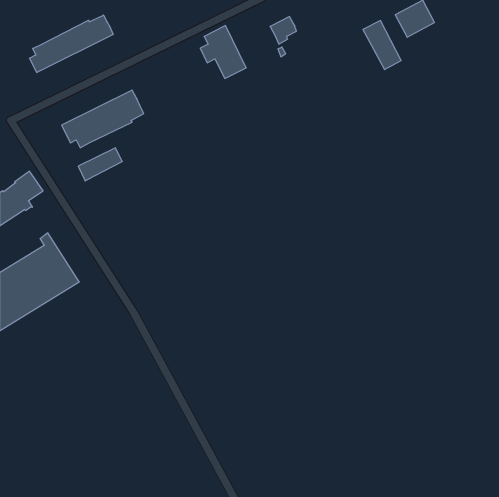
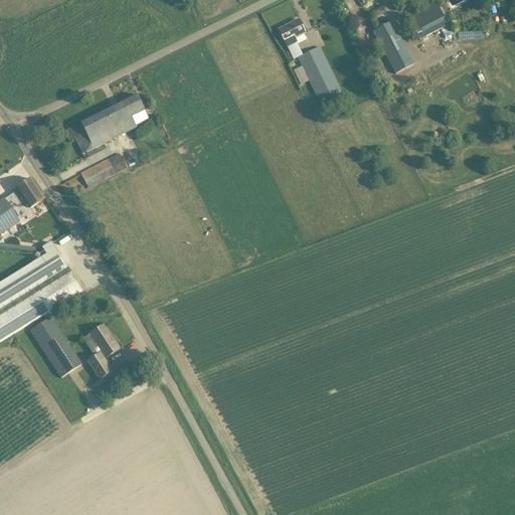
building: [30,15,113,73] -> none
building: [200,26,246,78] -> [293,45,340,100]
building: none -> [30,315,80,375]
building: none -> [85,323,119,378]

